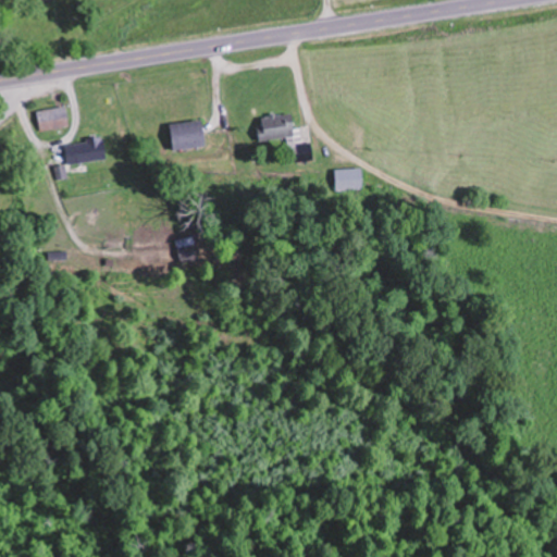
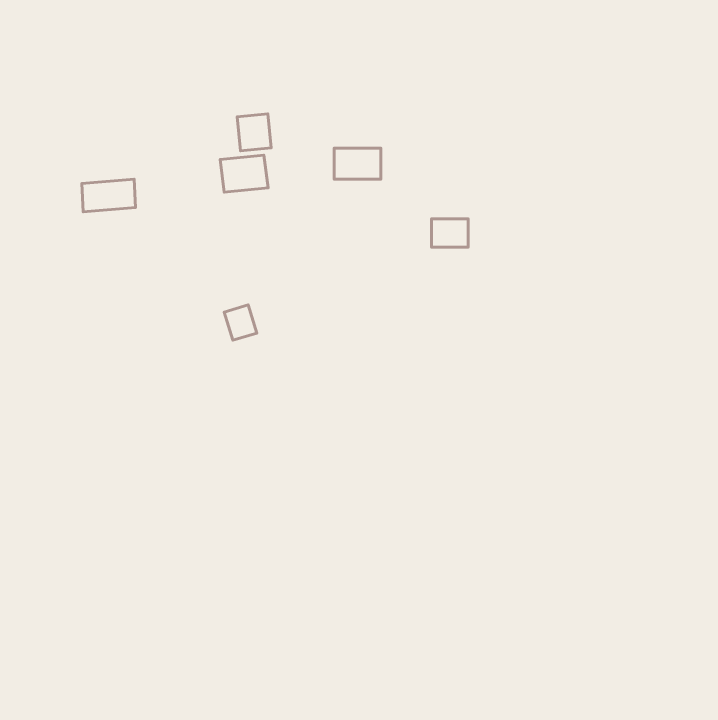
building: none -> [237,114,271,151]
building: [32,107,67,132] -> none

